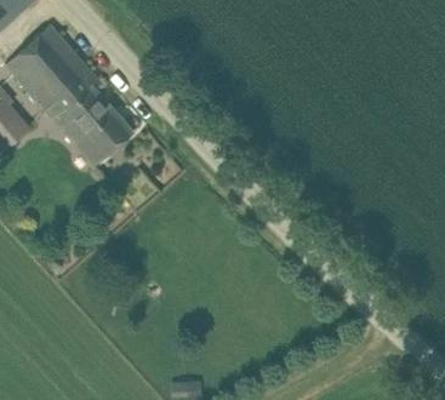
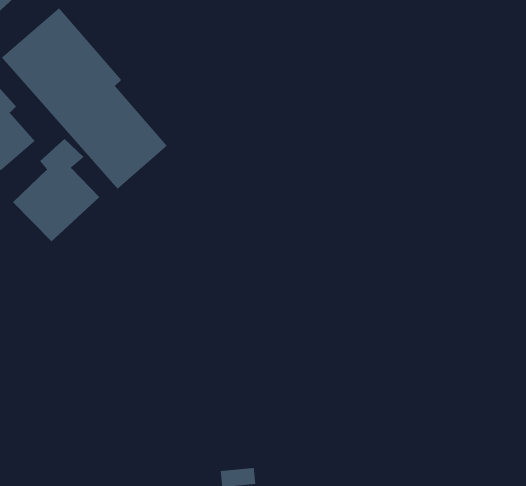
building: none -> [12,138,100,242]

